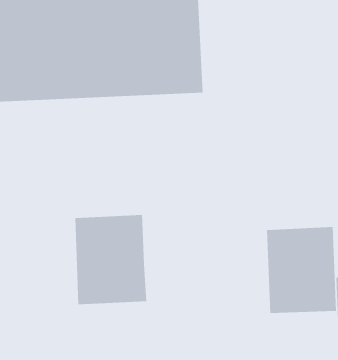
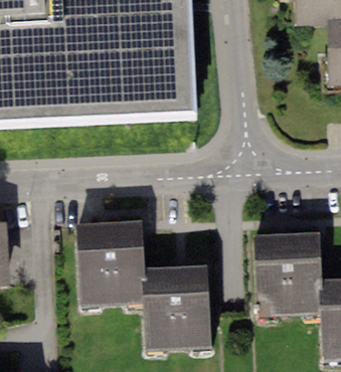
building: none -> [142,264,210,350]

